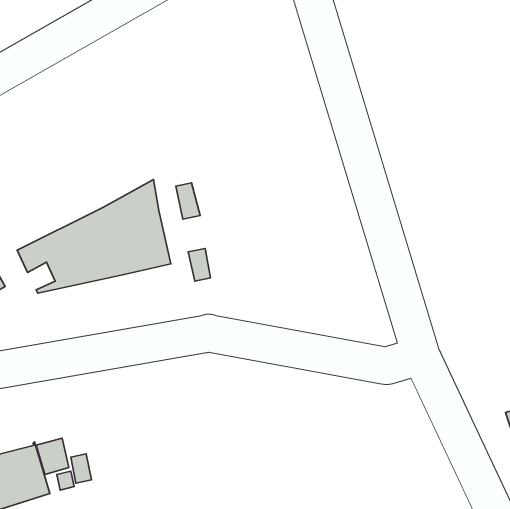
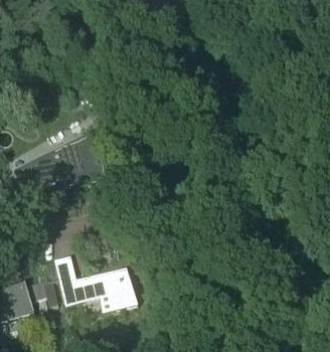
building: none -> [52,253,136,315]

